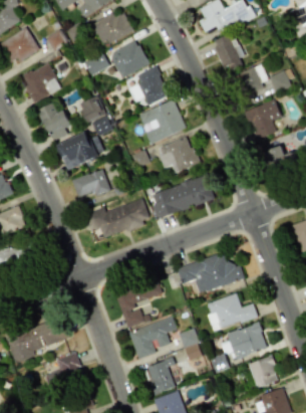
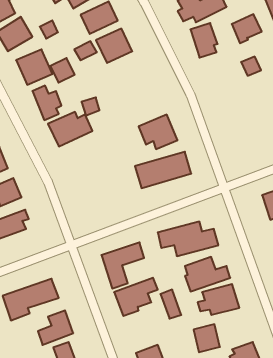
building: [236,63,269,95] -> [232,14,262,43]
building: [128,65,169,105] -> none
building: [79,95,106,123] -> [50,58,75,83]
building: [137,98,186,143] -> none
building: [245,99,280,139] -> none
building: [263,145,297,170] -> none
building: [72,170,109,196] -> none
building: [85,198,150,237] -> none
building: [249,356,278,387] -> [194,324,220,352]
building: [145,357,175,393] -> none

